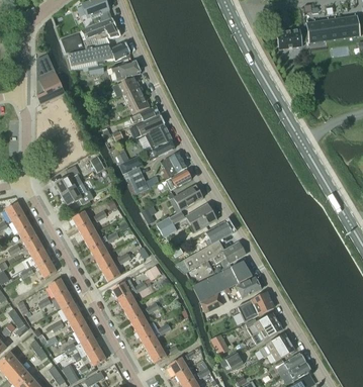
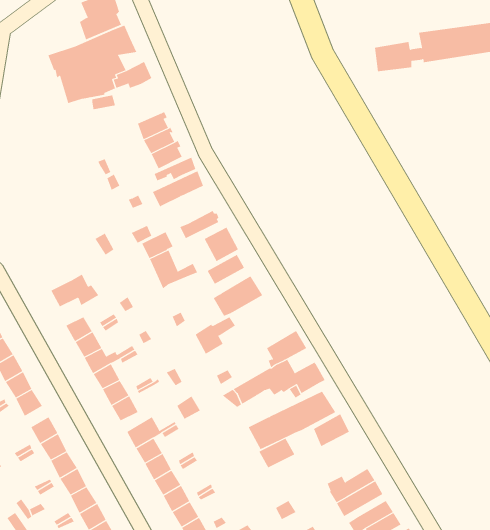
building: [36,54,64,104] -> none
building: [109,60,140,81] -> none
building: [138,124,171,151] -> none
building: [55,165,82,194] -> none
building: [185,202,216,231] -> none
building: [237,292,273,321] -> none

